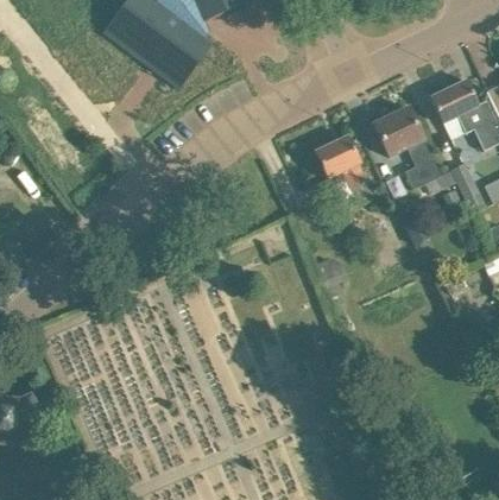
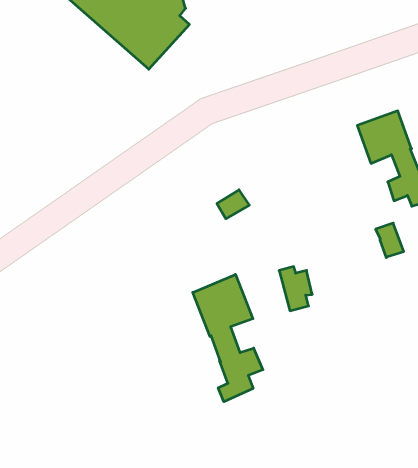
building: [314,135,372,202] -> none
building: none -> [193,274,263,402]

